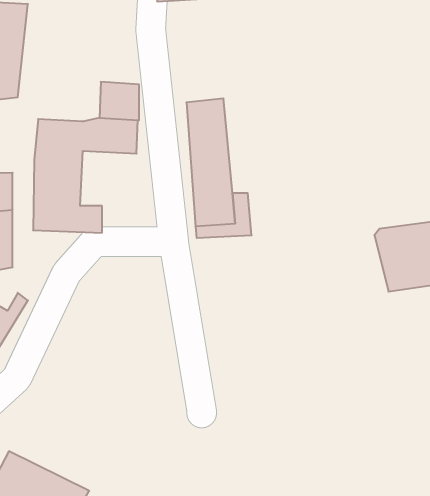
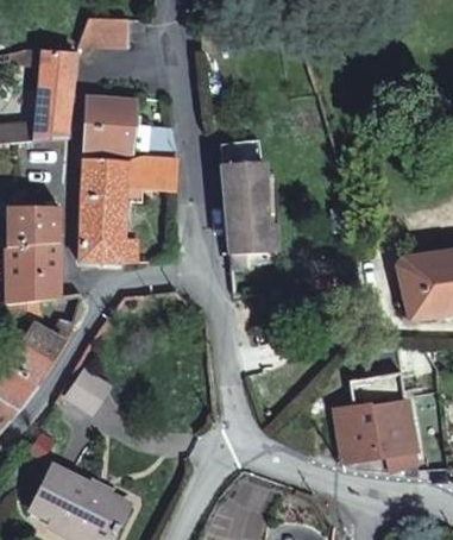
building: none -> [83,96,137,151]
building: none -> [334,370,417,471]

